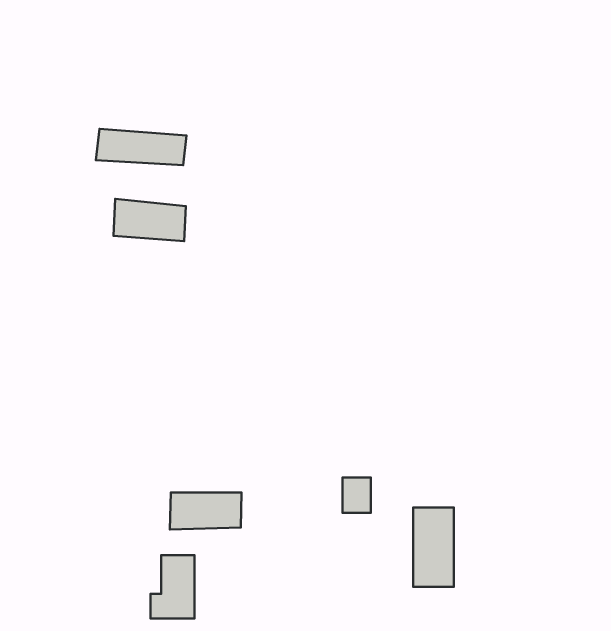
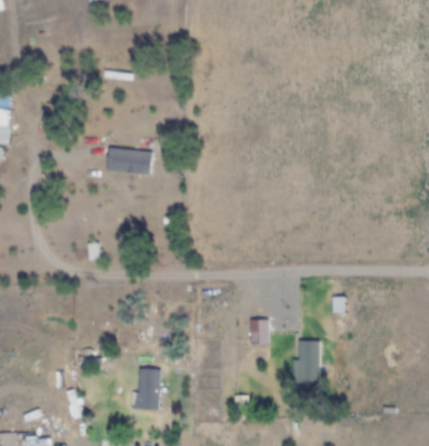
building: [96,129,187,165] -> none
building: [170,493,242,529] -> none

